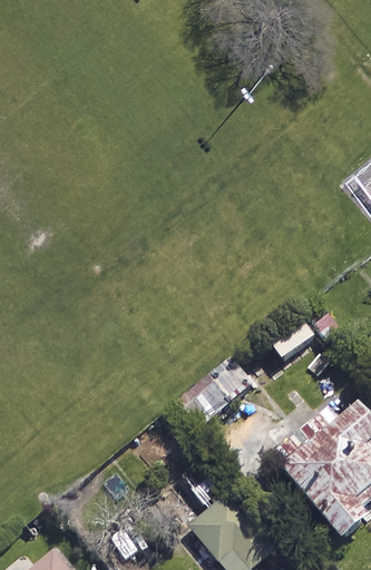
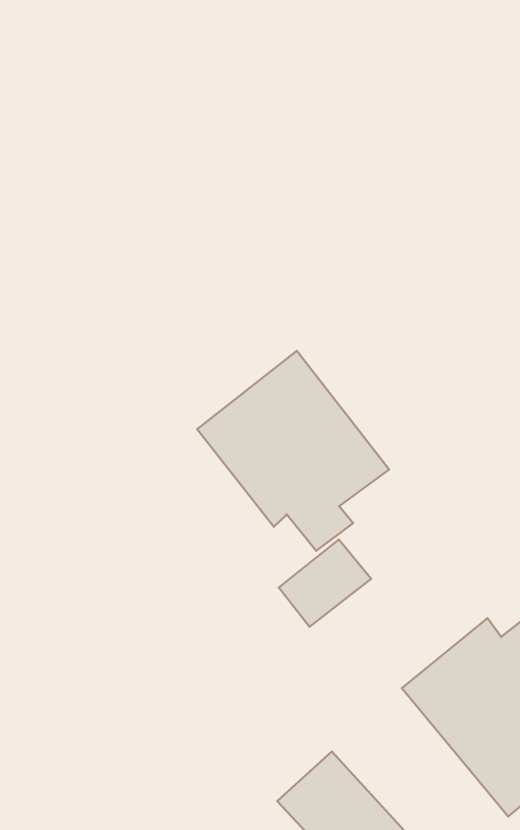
building: none -> [197,351,389,551]

